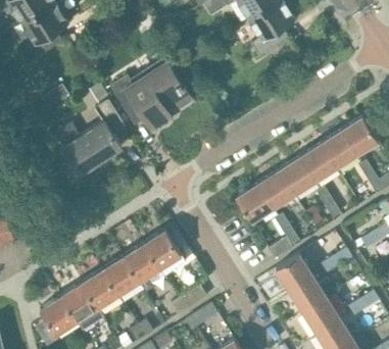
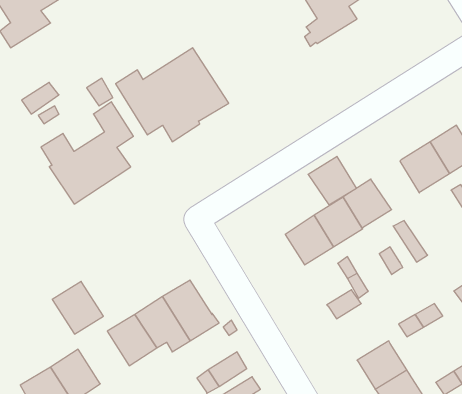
building: [299,144,335,180] -> [308,156,356,205]
building: [276,254,312,291] -> none
building: [83,269,120,308] -> [52,281,103,334]

